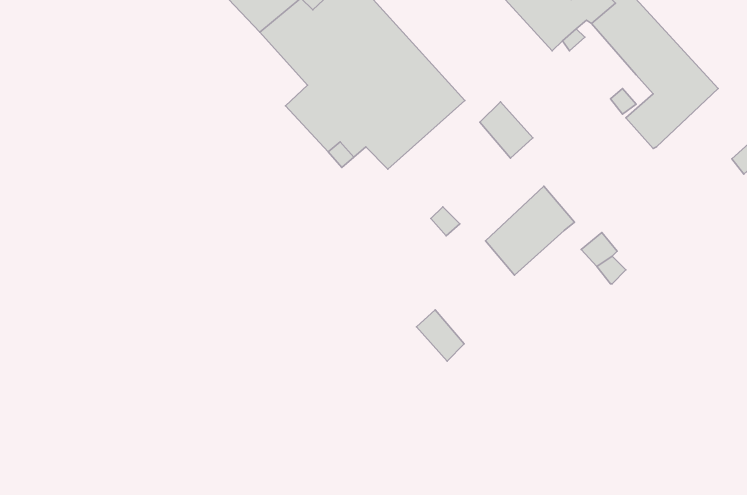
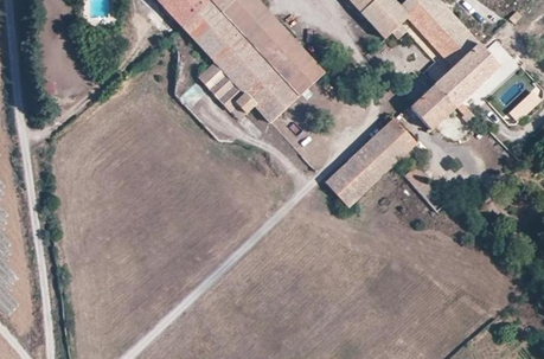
building: [480,102,533,158] -> [378,117,415,156]
building: none -> [411,84,454,128]
building: [416,310,464,361] -> [325,169,358,205]

